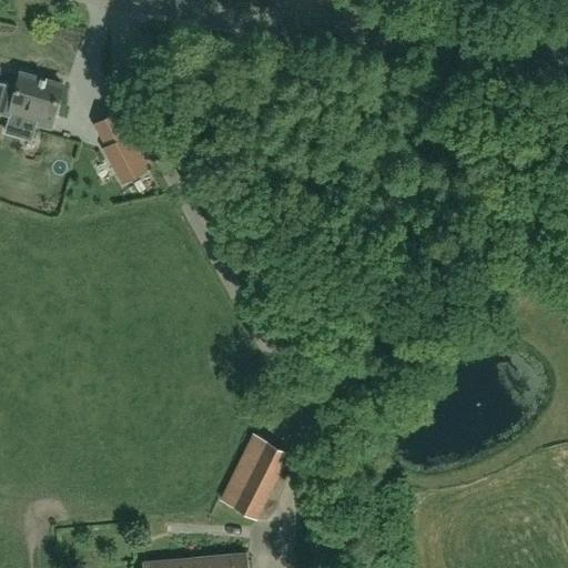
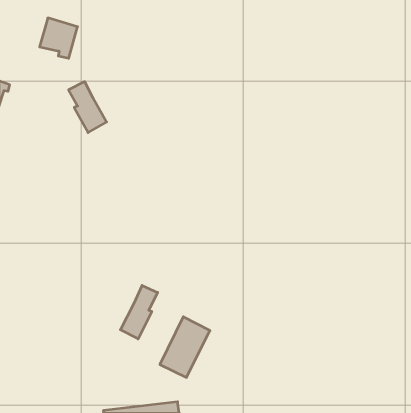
building: [8,71,60,126] -> [40,18,78,58]
building: none -> [120,285,158,339]

